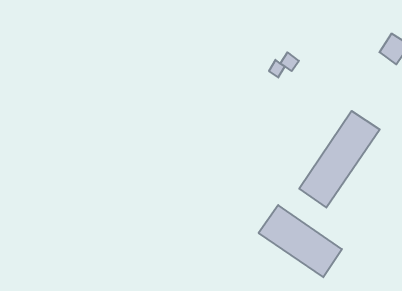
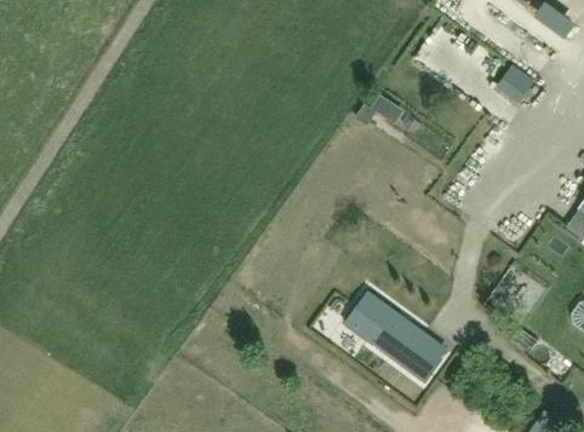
building: [299,111,380,208] -> none

